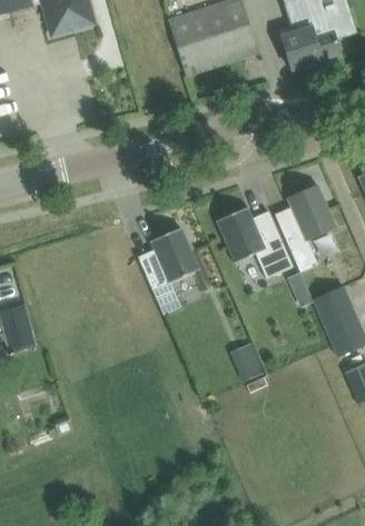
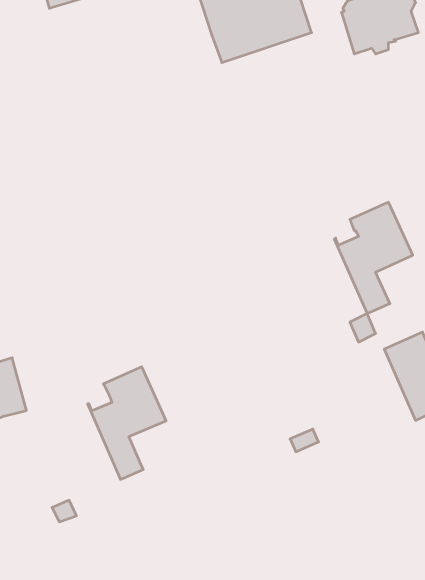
building: [216,207,293,278] -> none
building: [138,227,199,315] -> [88,367,166,479]

